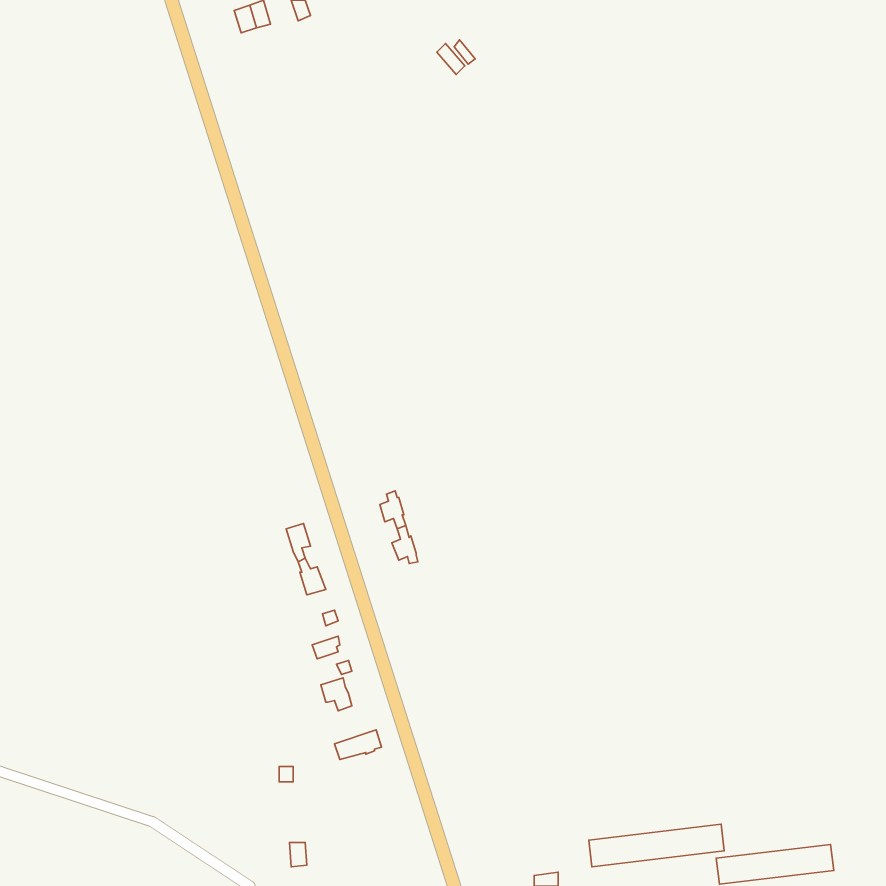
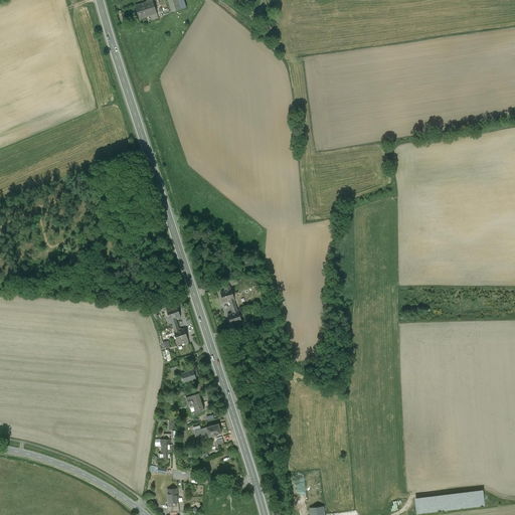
building: [589,824,724,867] -> none

